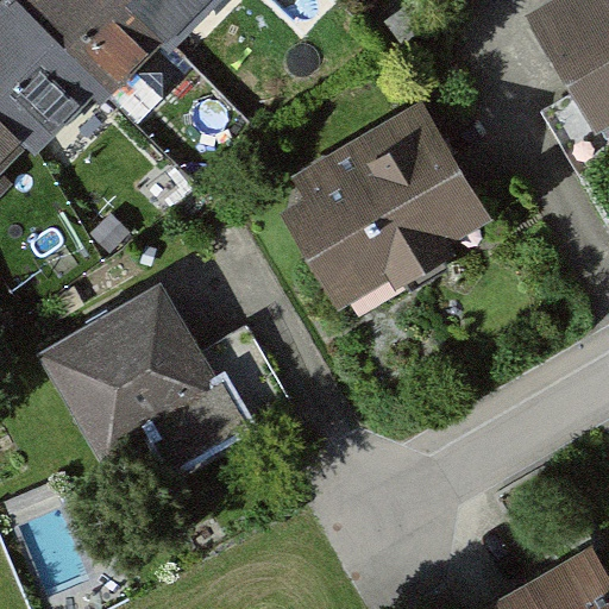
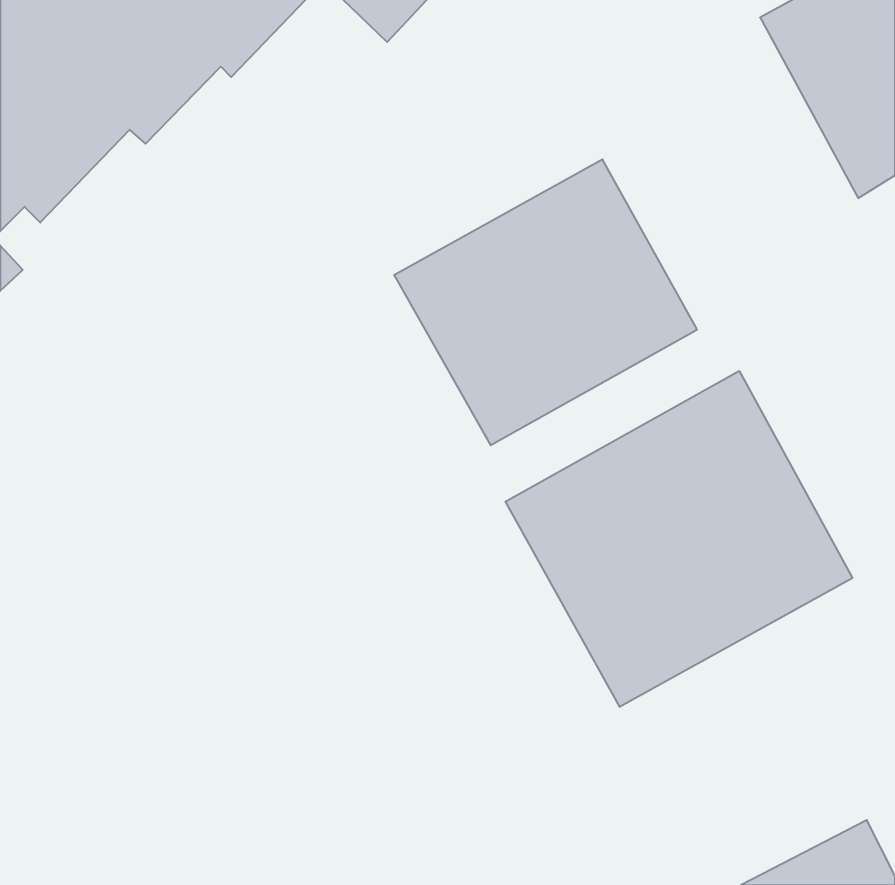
building: none -> [505,371,852,707]
building: [49,289,304,496] -> none

